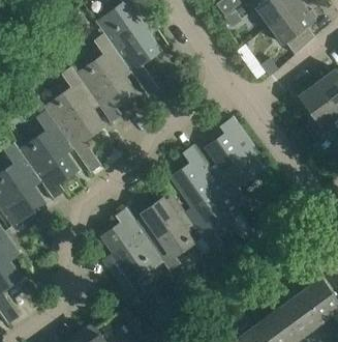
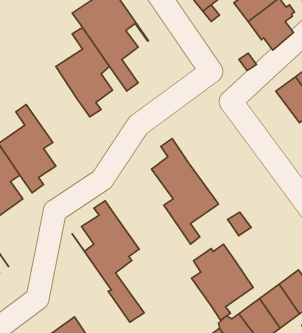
building: [43,65,101,172] -> none
building: [207,118,265,207] -> none
building: [141,194,203,270] -> [192,244,253,320]

